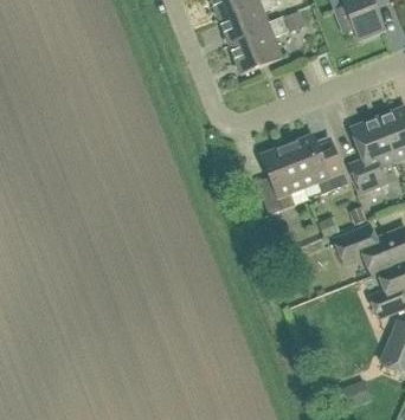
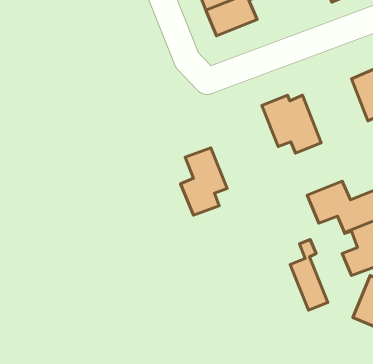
building: [349,117,394,192] -> none
building: [256,144,303,213] -> [181,148,227,215]
building: none -> [290,240,328,310]

